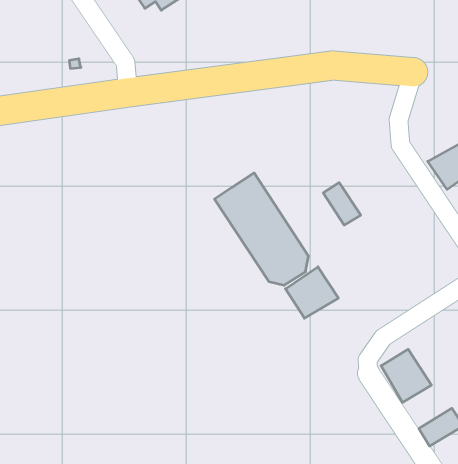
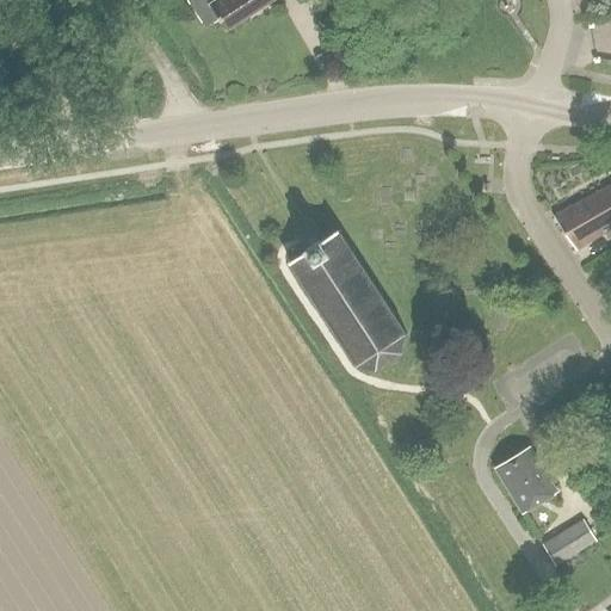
building: [323,183,361,225] -> none
building: [285,267,338,318] -> none

